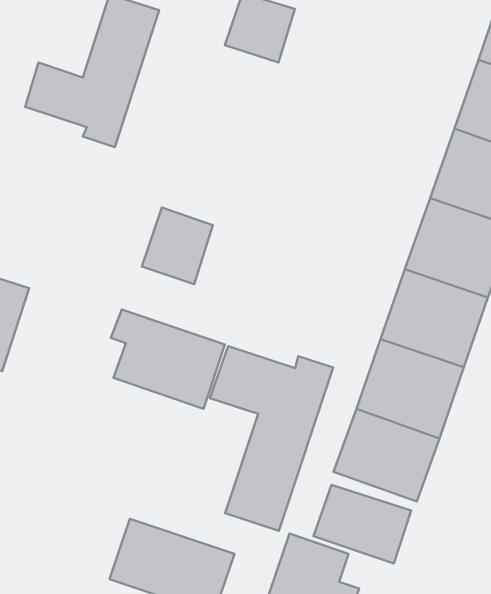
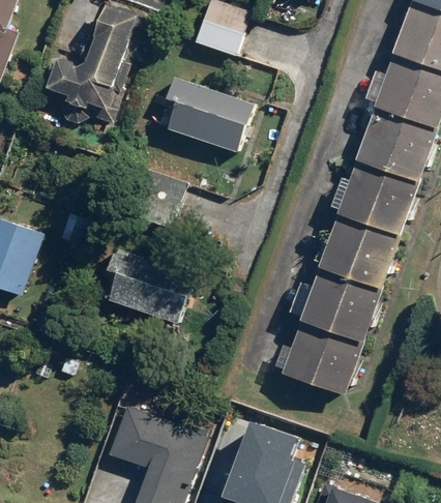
building: none -> [168,78,255,152]
building: [210,346,333,531] -> none
building: [314,485,411,564] -> none

